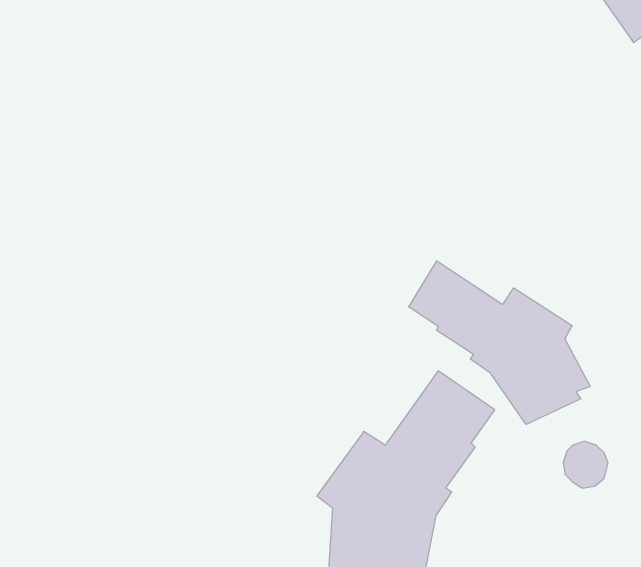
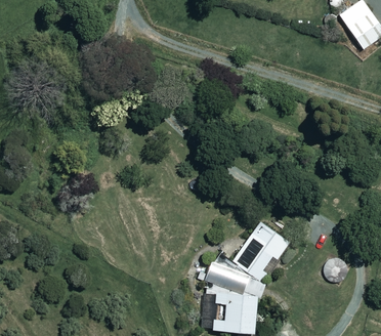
building: [409,261,590,424] -> none

